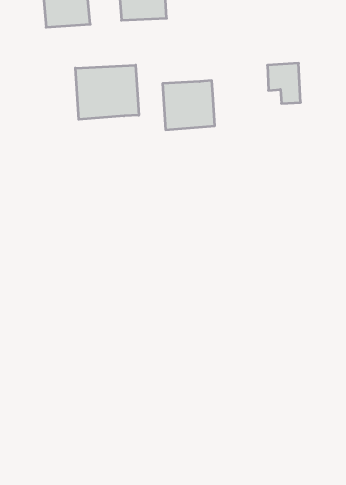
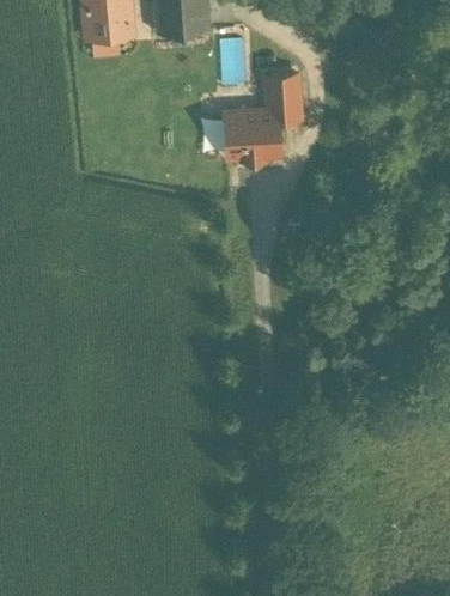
building: [267,63,301,103] -> [266,74,305,122]
building: [75,65,139,119] -> none

